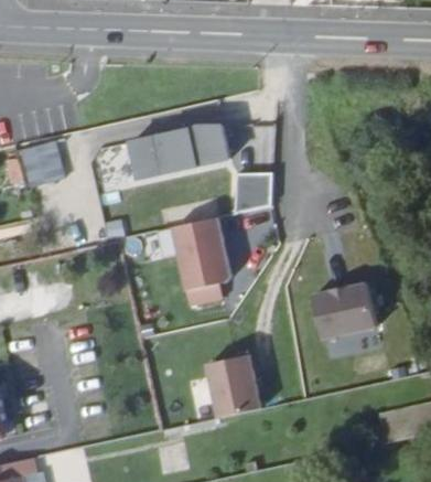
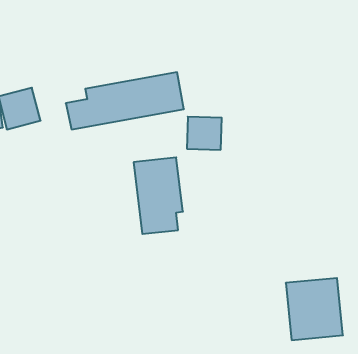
building: [312,285,377,355] -> [286,278,343,340]
building: [203,354,259,417] -> none

